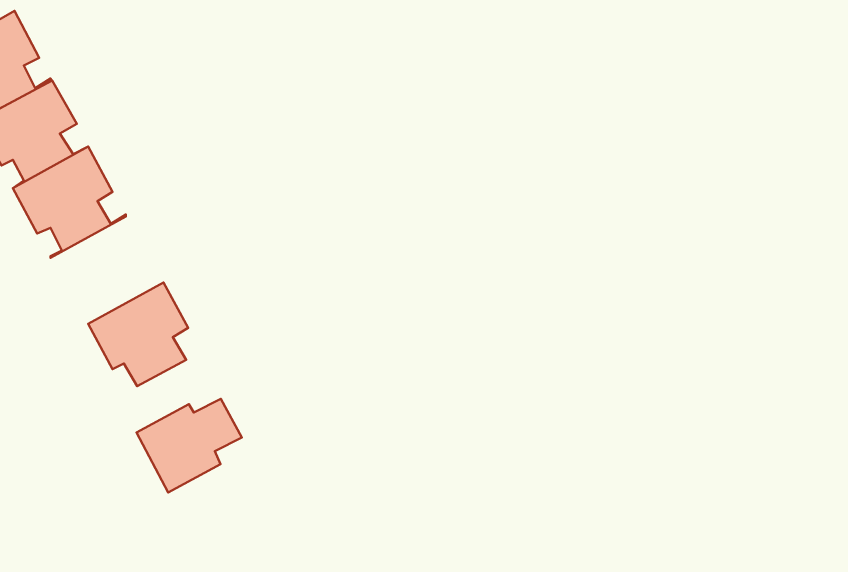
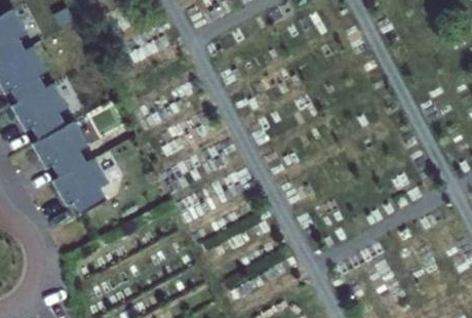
building: none -> [32,122,93,181]
building: [136,399,242,493] -> none

